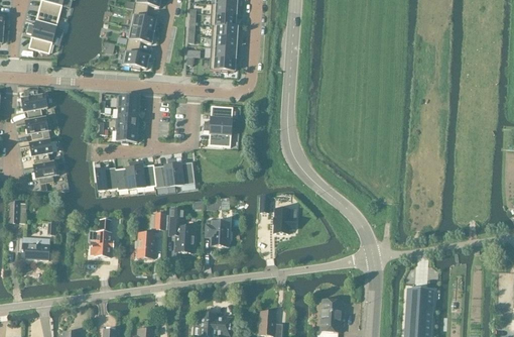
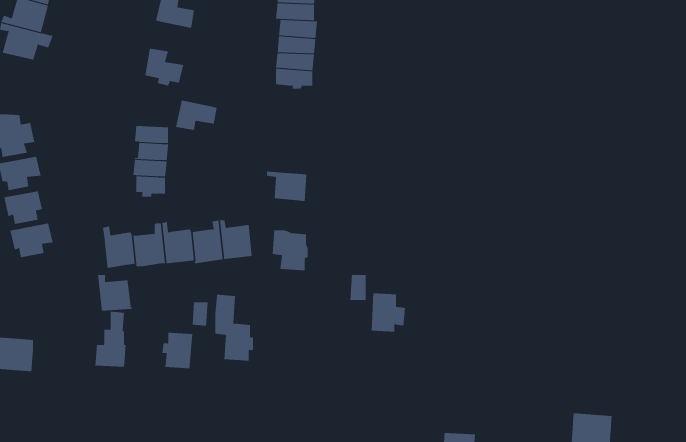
building: [127,26,155,46] -> [175,100,218,130]
building: [205,106,234,128] -> none
building: none -> [97,274,133,312]
building: [207,219,231,246] -> [272,230,308,271]

